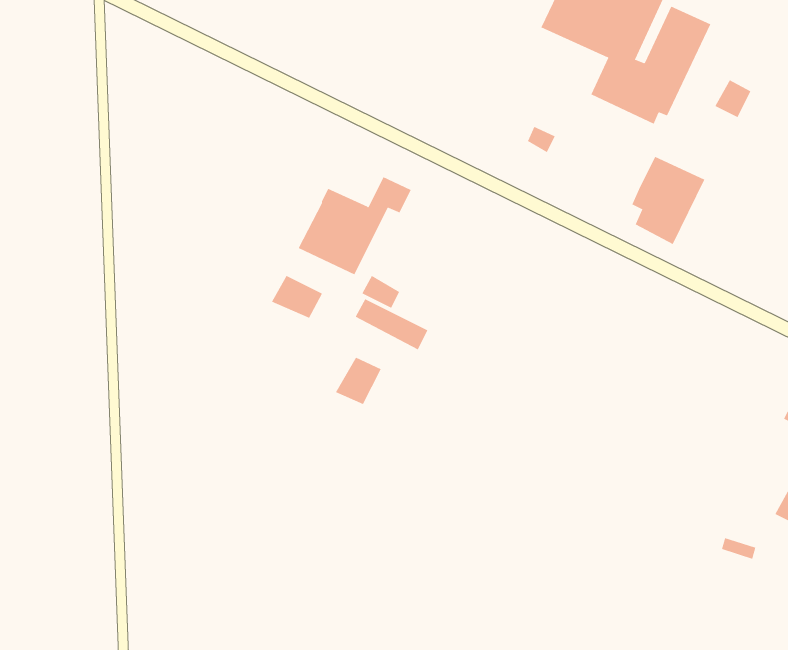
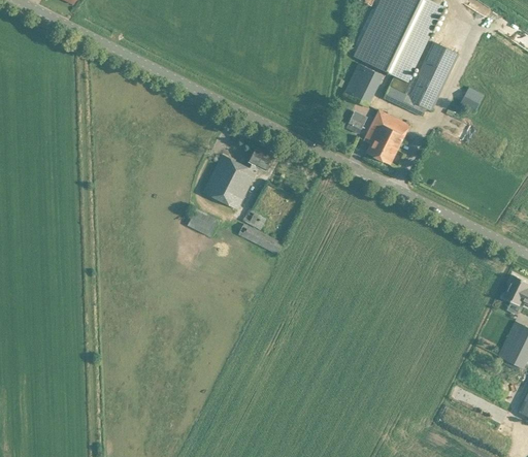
building: none -> [343,64,383,107]
building: [631,156,705,245] -> [364,110,409,165]
building: [335,357,381,405] -> none

